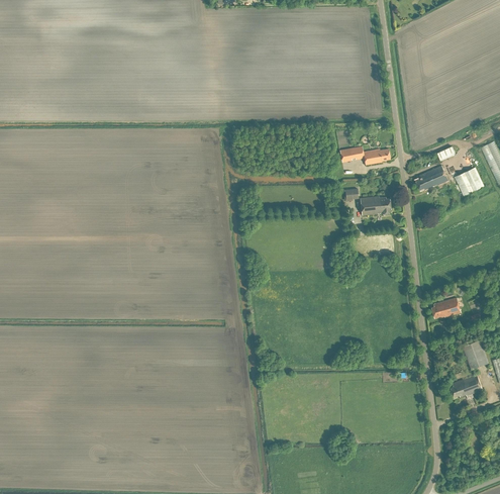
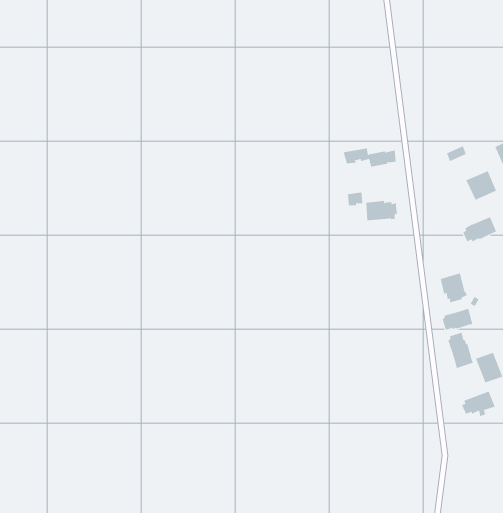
building: [415,166,447,190] -> [462,216,497,242]
building: none -> [440,273,467,303]
building: none -> [448,332,473,369]

